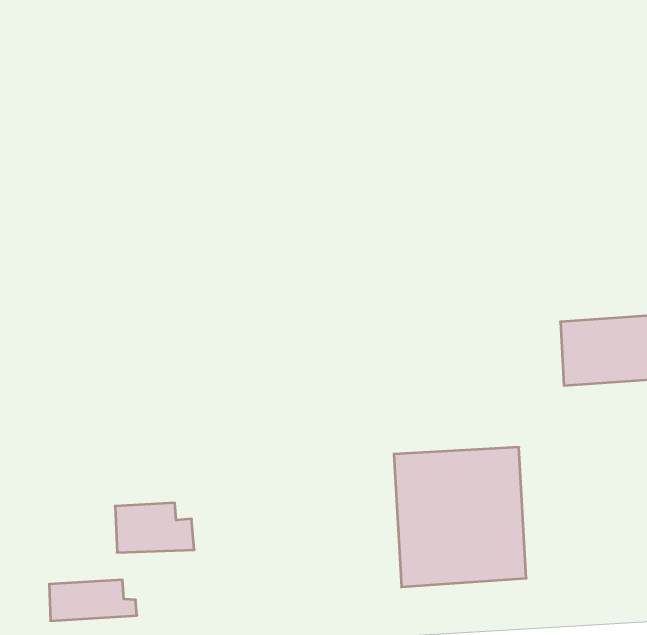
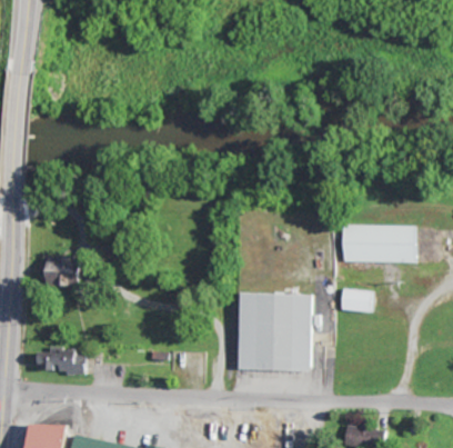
building: none -> [341,289,372,311]
building: [115,503,194,552] -> [40,257,84,286]

